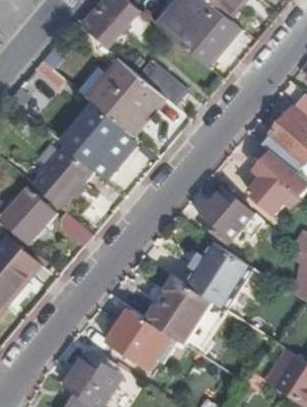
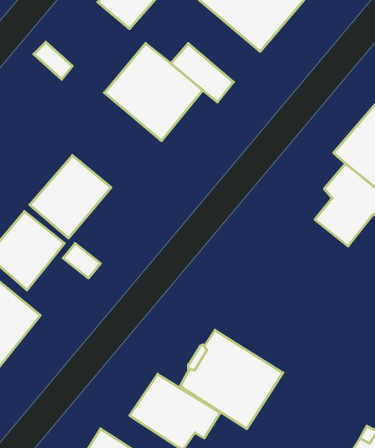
building: [61,111,138,179] -> none
building: [199,187,254,243] -> none
building: [182,241,252,310] -> none

